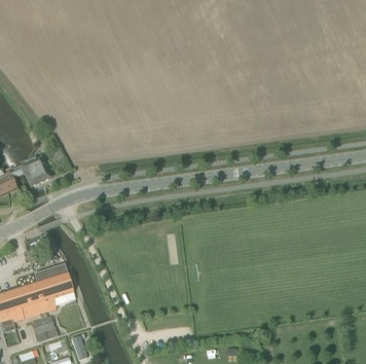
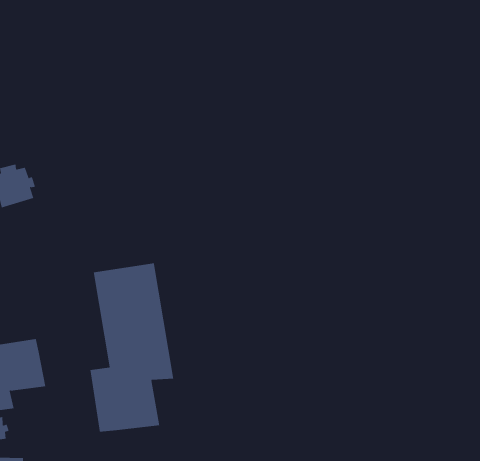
building: none -> [90,262,174,432]

